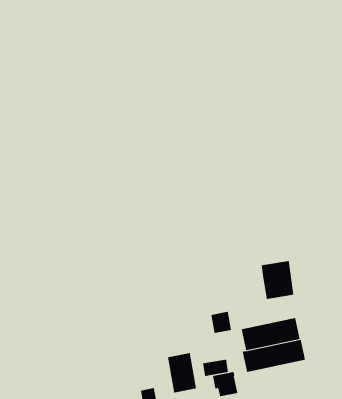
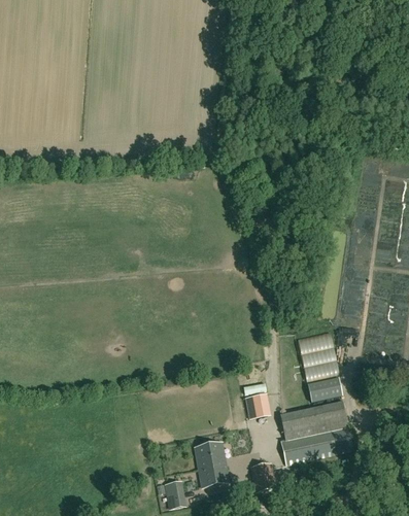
building: none -> [307,377,342,401]
building: [203,359,229,377] -> none

